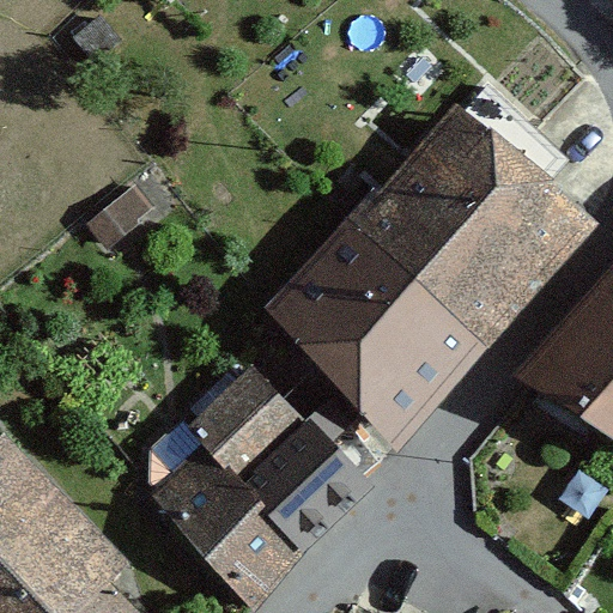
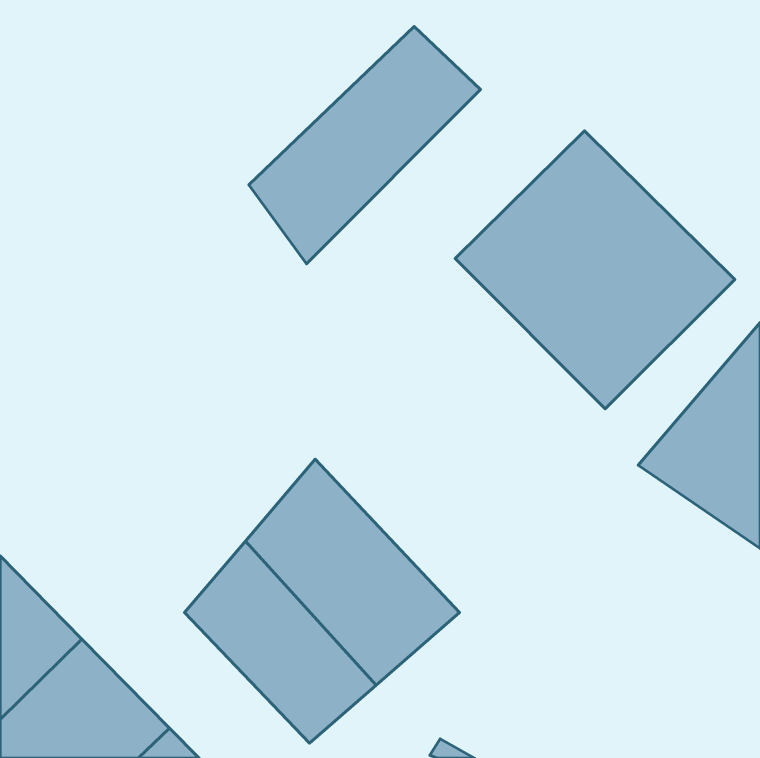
building: none -> [249,27,481,264]
building: [262,208,487,433] -> none

